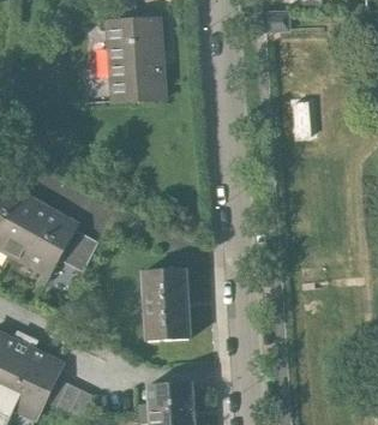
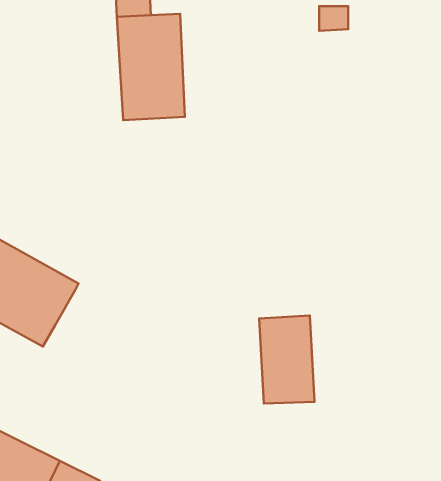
building: [60,232,97,271] -> none
building: [144,268,187,336] -> [259,315,315,403]

